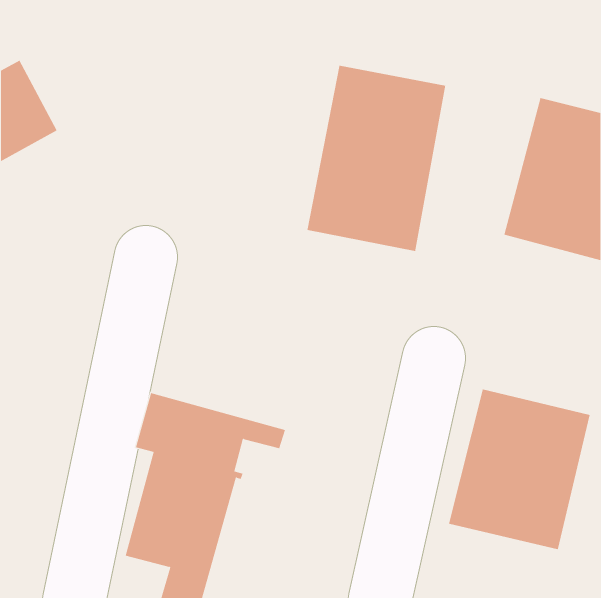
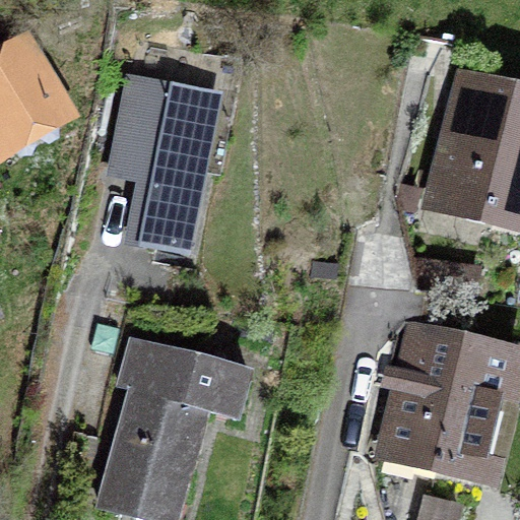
building: none -> [124,49,222,252]
building: [307,65,446,252] -> none

